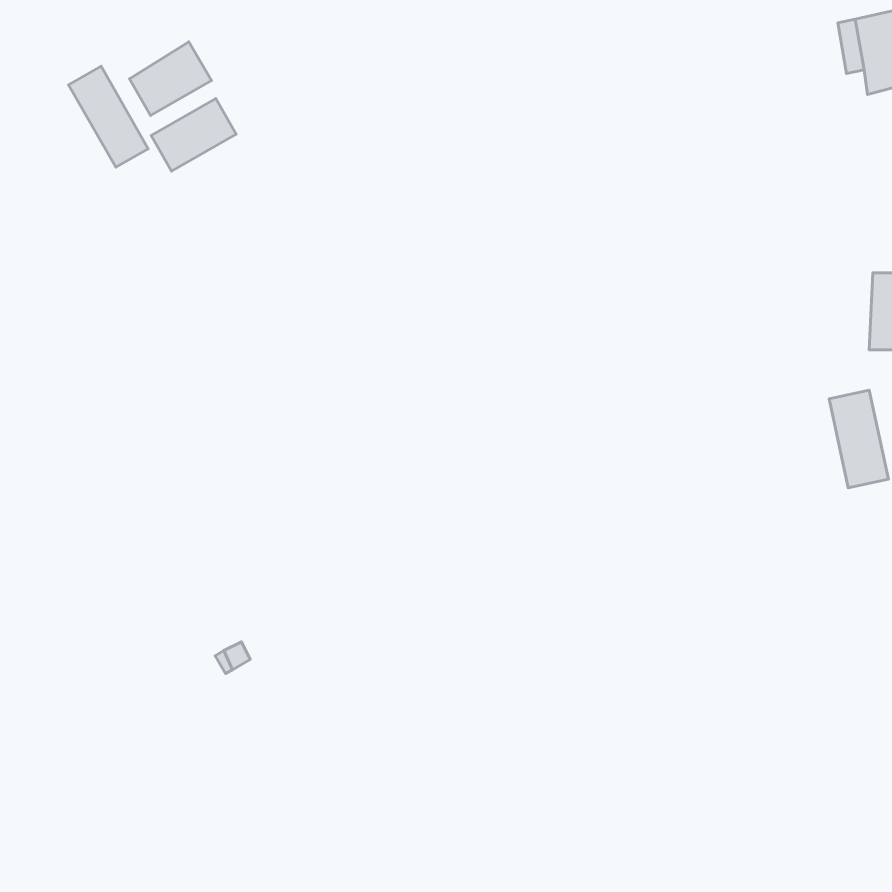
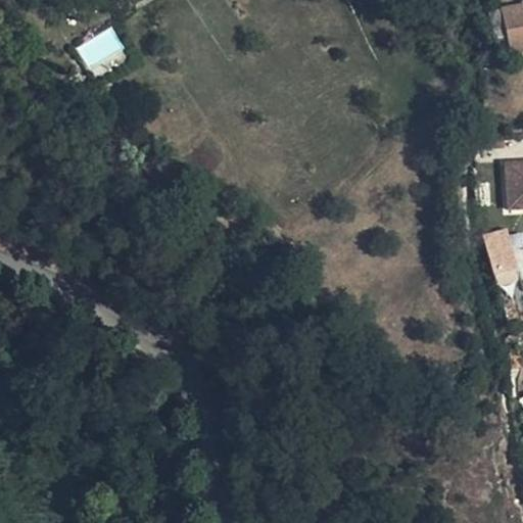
building: [69,66,148,167] -> none
building: [151,98,236,171] -> none

